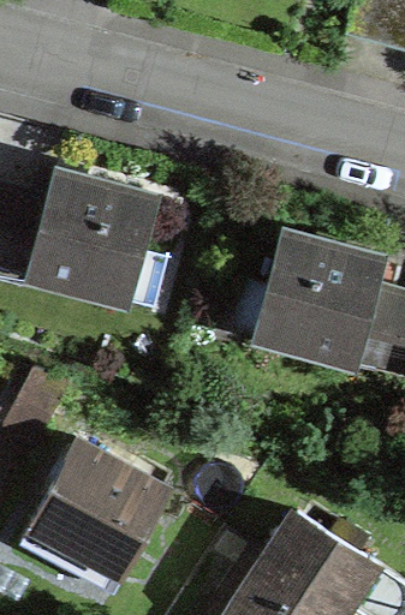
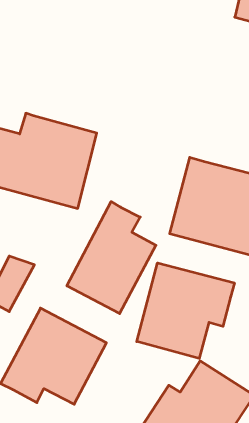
building: none -> [67,202,156,314]
building: none -> [137,263,234,358]

